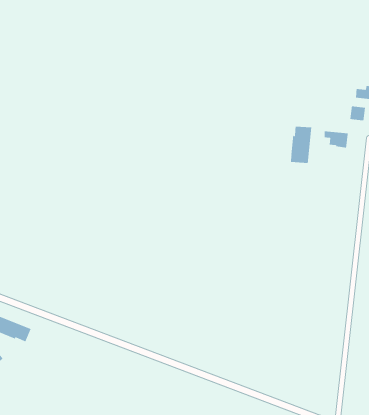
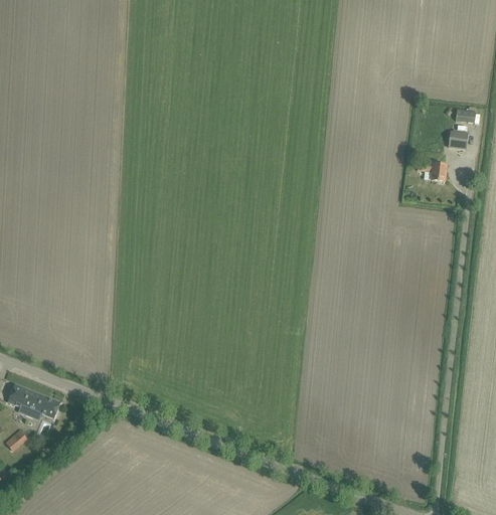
building: [291,126,312,164] -> none

